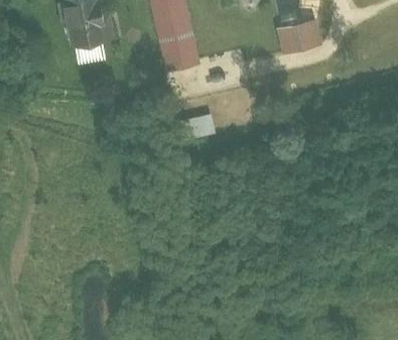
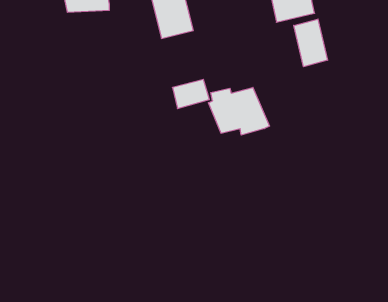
building: none -> [294,19,328,67]
building: none -> [208,87,269,135]

